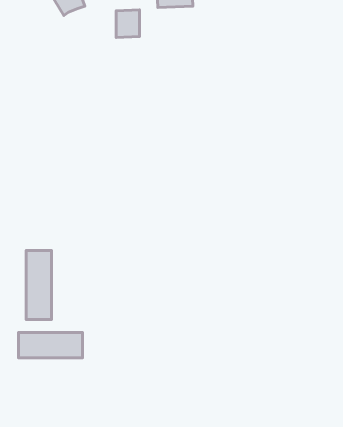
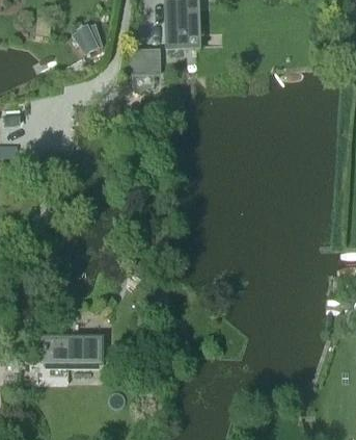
building: [26,250,51,320] -> none

